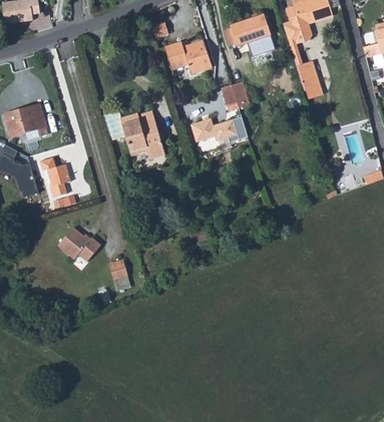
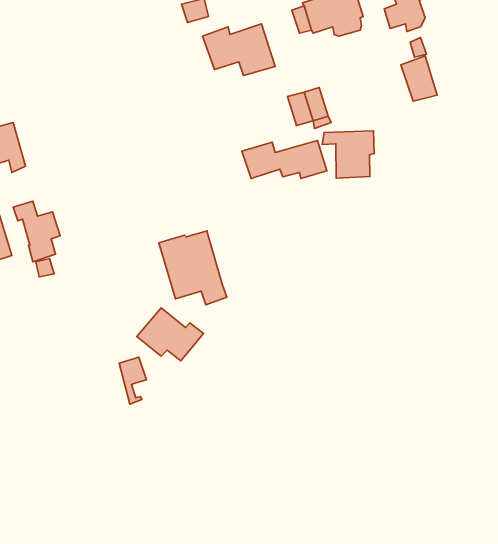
building: none -> [322,131,374,178]
building: [120,110,165,159] -> [159,231,227,305]
building: [57,228,101,263] -> [137,308,204,361]

